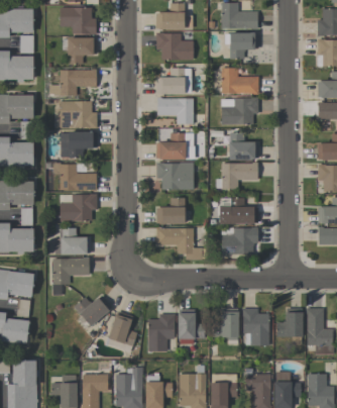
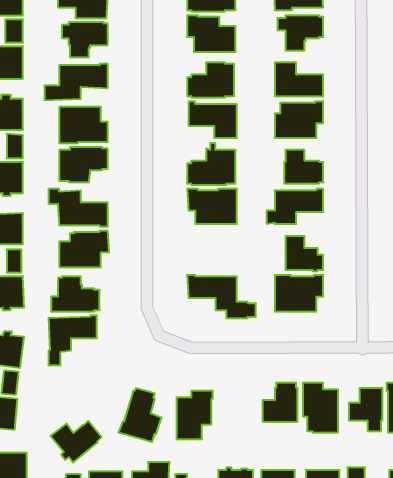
building: [156,198,186,224] -> none
building: [74,295,112,326] -> [50,421,102,463]
building: [179,309,205,343] -> none

